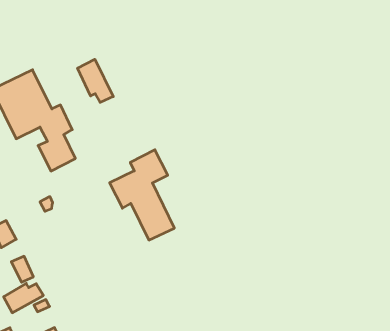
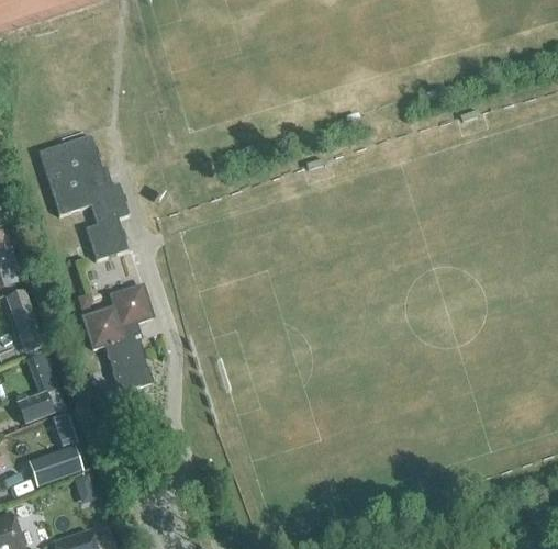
building: [78,59,113,102] -> none
building: [110,150,174,240] -> [81,283,153,391]

